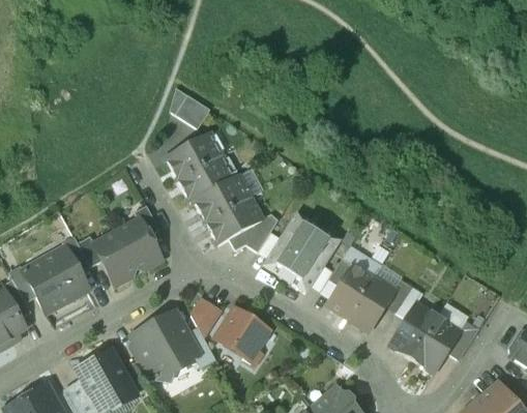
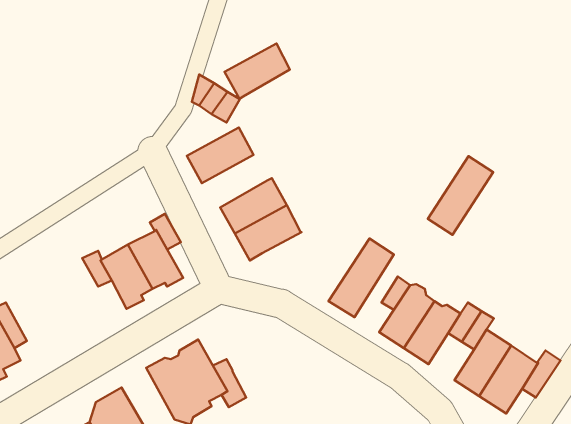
building: [178,155,233,202] -> [225,44,290,99]
building: [264,212,319,278] -> [428,156,493,235]
building: [229,213,279,252] -> none
building: [23,245,89,314] -> none
building: [192,299,219,336] -> none
building: [217,307,269,364] -> none

